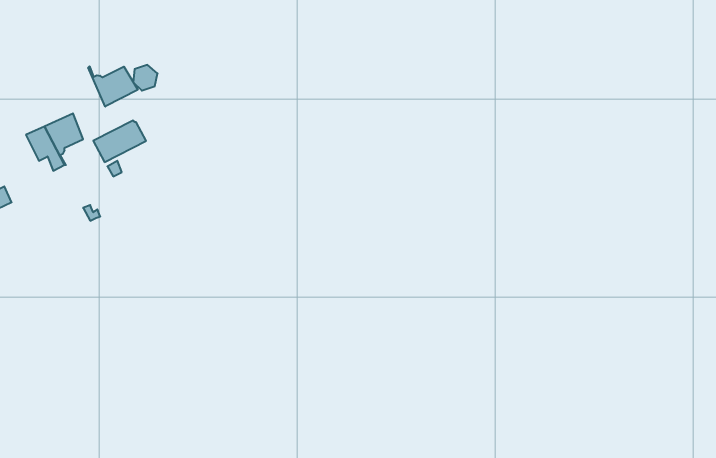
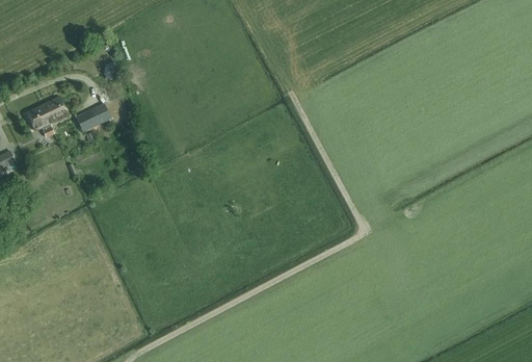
building: [88,66,138,107] -> none

